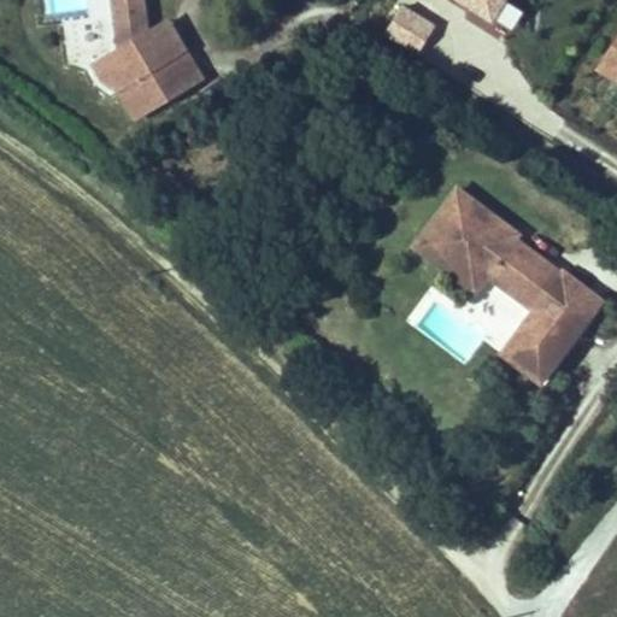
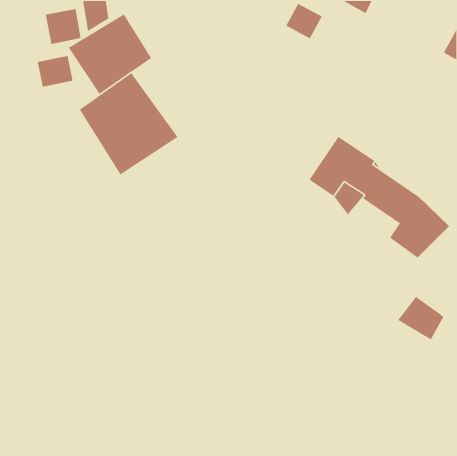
building: none -> [37,55,73,87]
building: none -> [79,72,178,176]
building: [499,322,563,382] -> [397,296,444,341]

